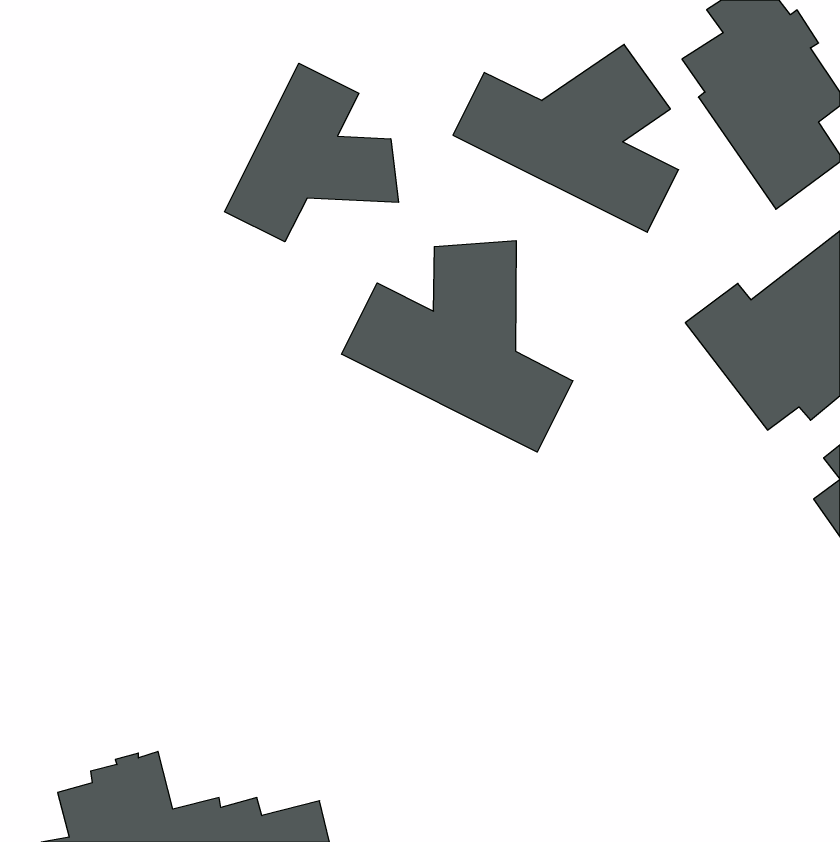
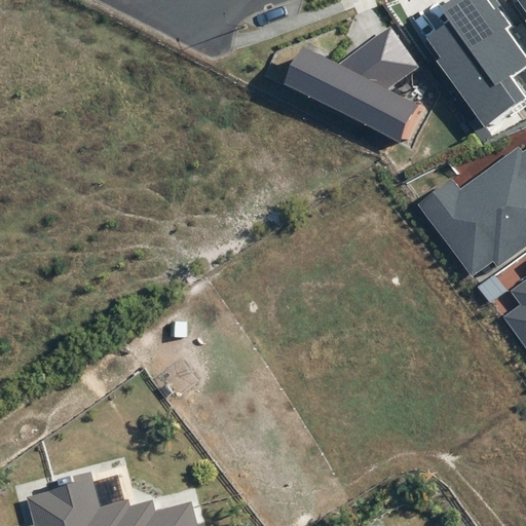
building: [225,63,399,242] -> none
building: [342,241,573,452] -> none

